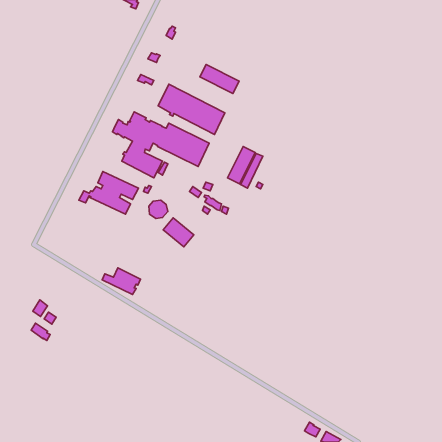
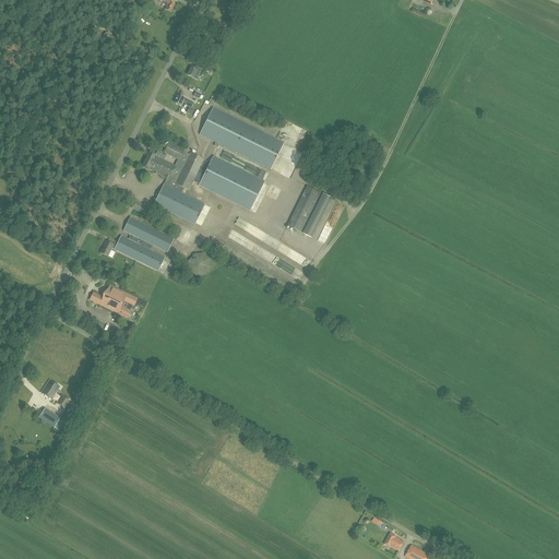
building: [200,64,239,93] -> none
building: [163,218,194,247] -> none
building: [102,268,140,295] -> [90,284,138,318]

